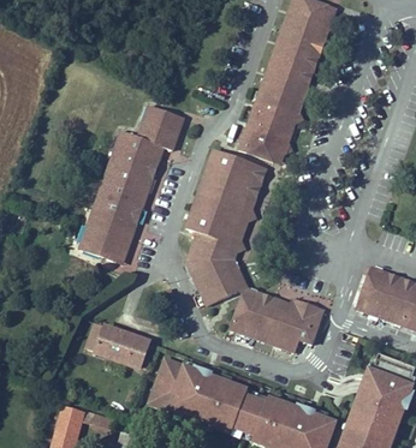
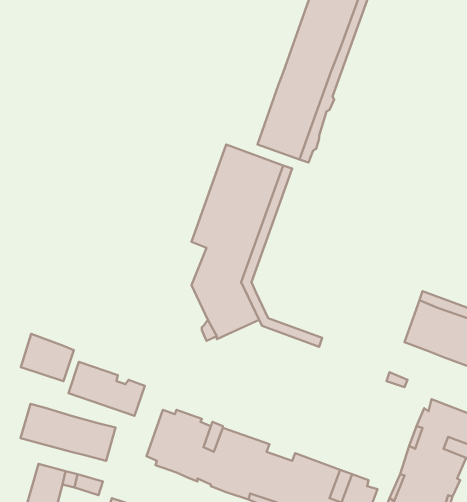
building: [79,106,183,262] -> none
building: [228,294,323,352] -> none
building: none -> [21,334,74,381]
building: none -> [20,404,115,461]

